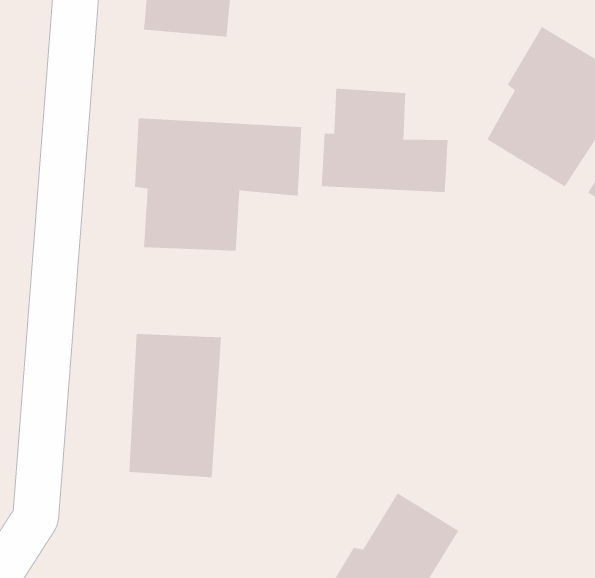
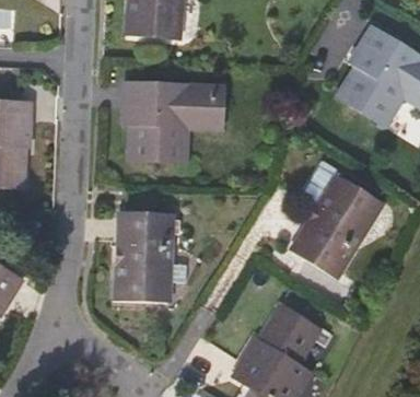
building: [321,88,448,193] -> none
building: none -> [294,162,383,276]

